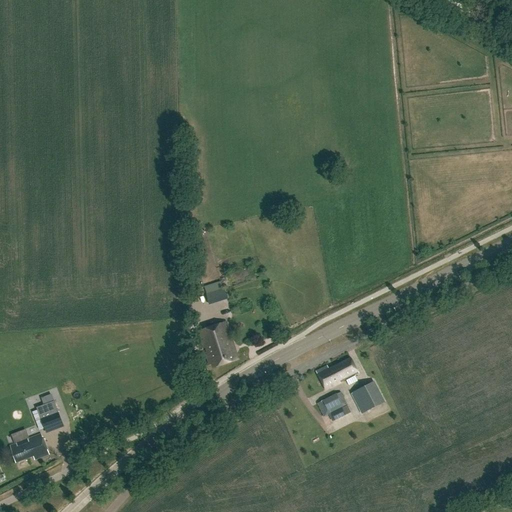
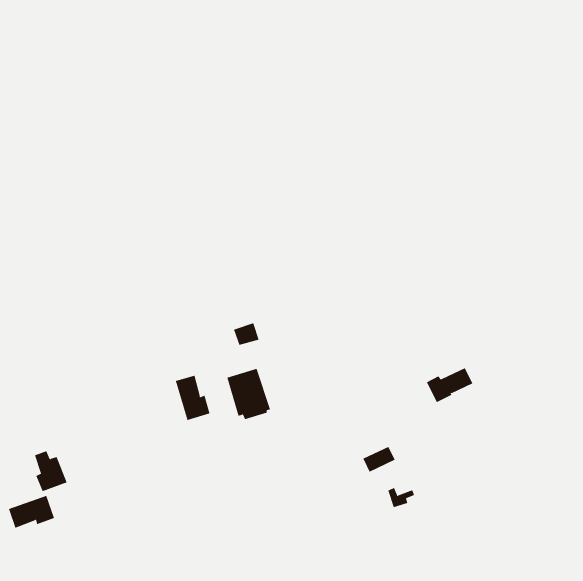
building: none -> [175,375,210,421]
building: [318,357,359,388] -> [426,367,473,403]
building: [351,379,386,411] -> none

